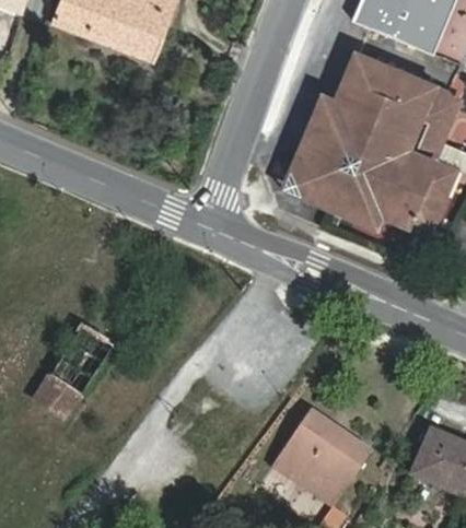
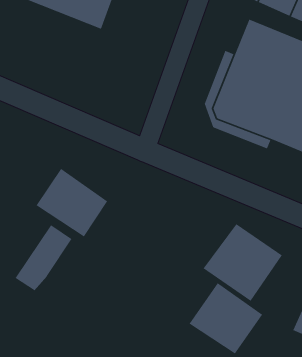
building: none -> [36,168,108,238]
building: none -> [203,223,283,302]

